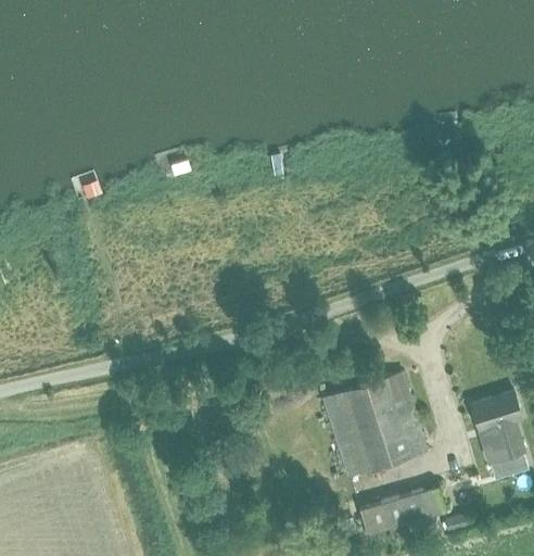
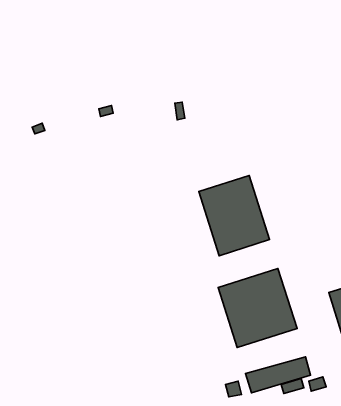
building: none -> [199,175,270,256]

